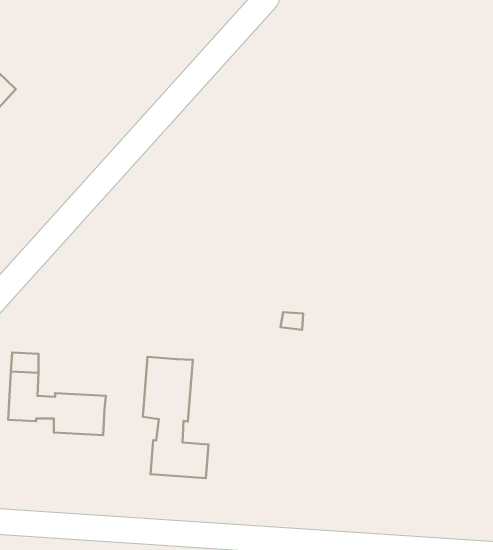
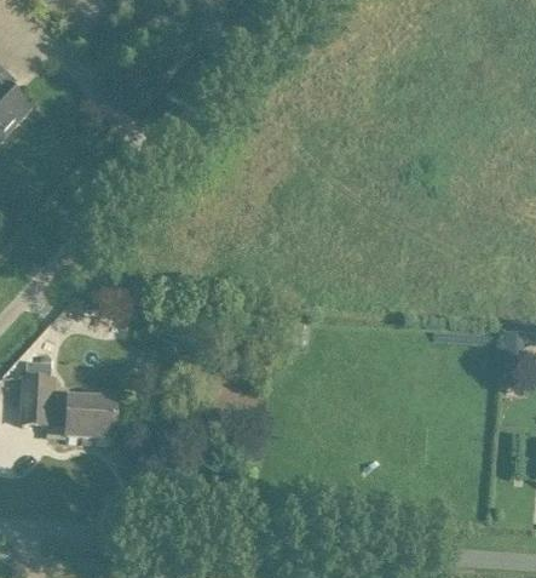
building: [143,357,209,478] -> none

